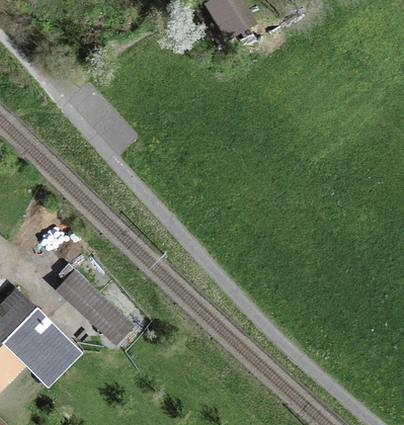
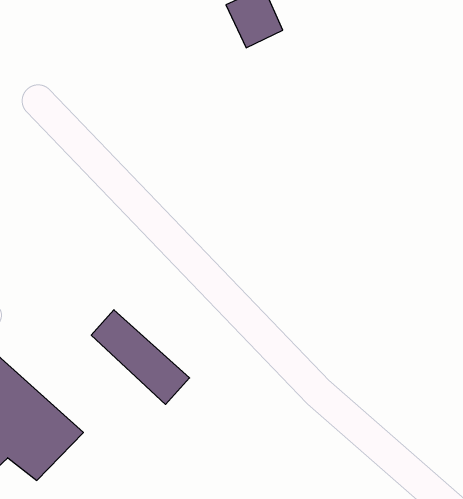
building: [55,267,134,343] -> [91,310,190,404]

